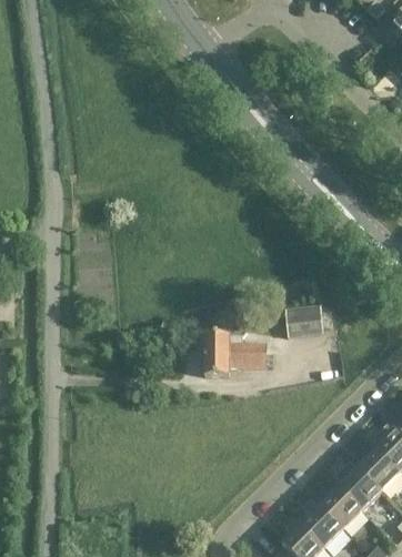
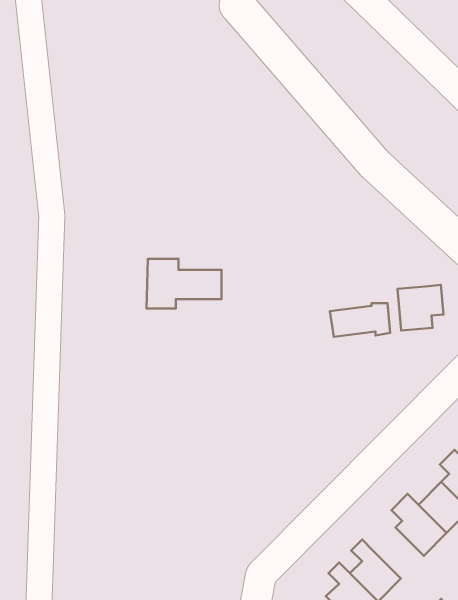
building: none -> [397,285,443,331]
building: [202,333,264,374] -> [146,259,222,309]
building: [320,486,362,528] -> none

